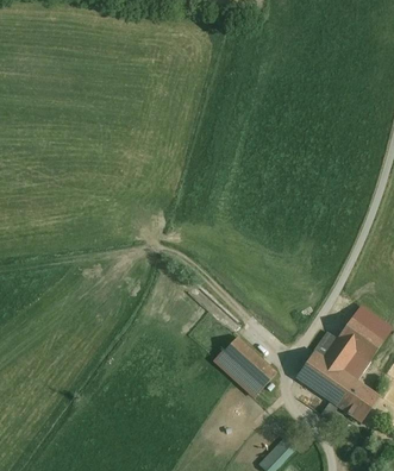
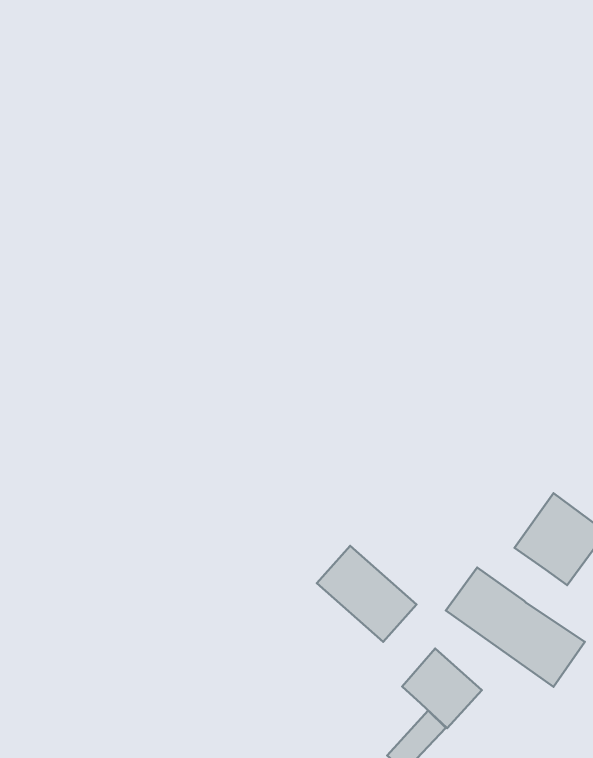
building: [314,331,356,370] -> none
building: none -> [402,649,482,728]

